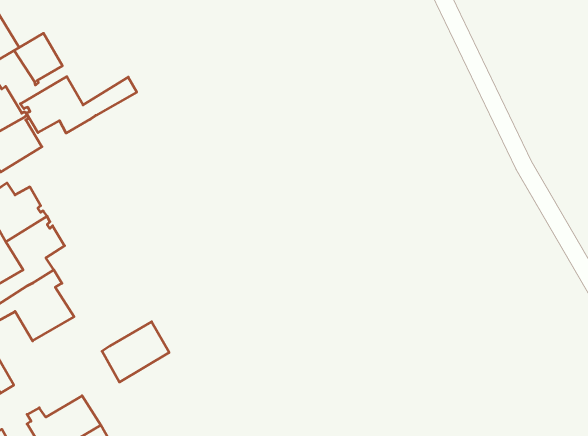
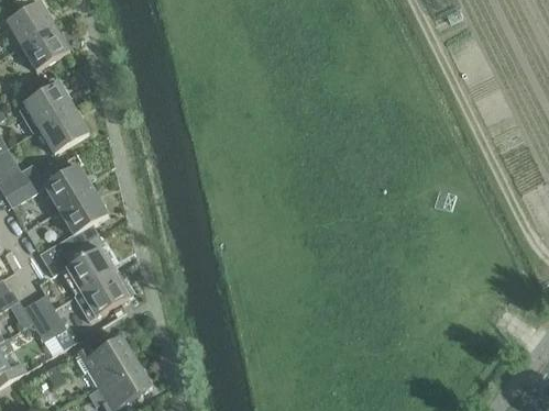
building: [14,33,62,85] -> none
building: [20,77,137,133] -> none
building: [102,322,169,382] -> [74,271,129,321]

